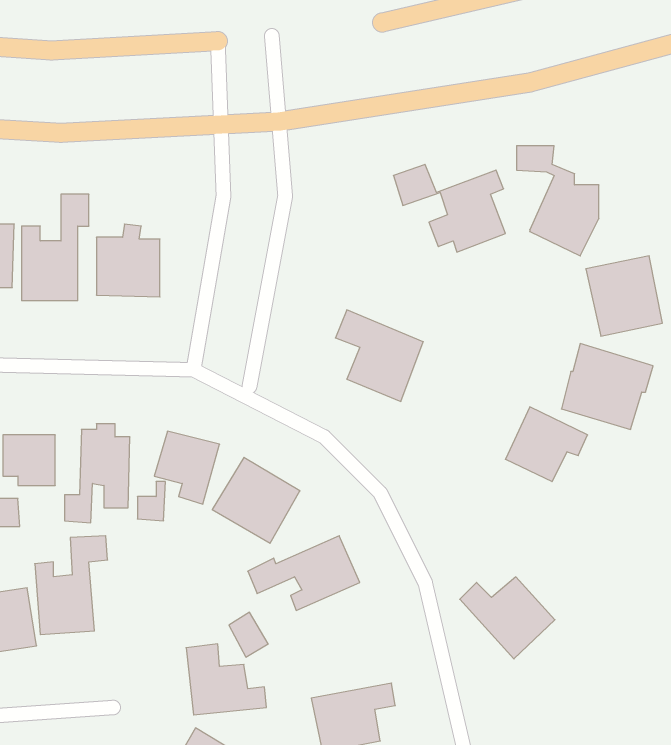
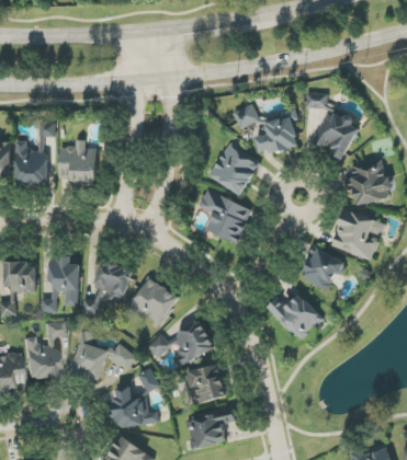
building: none -> [208,142,261,195]
building: none -> [68,330,136,379]
building: [460,577,555,659] -> [267,294,323,342]
building: none -> [184,363,227,404]

